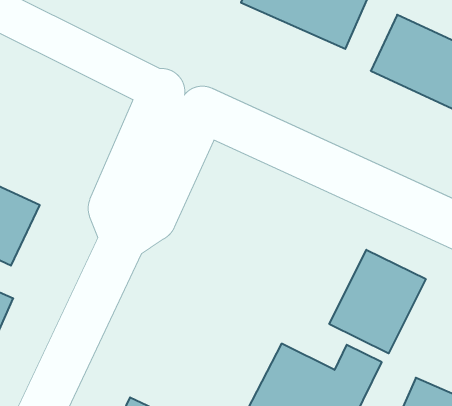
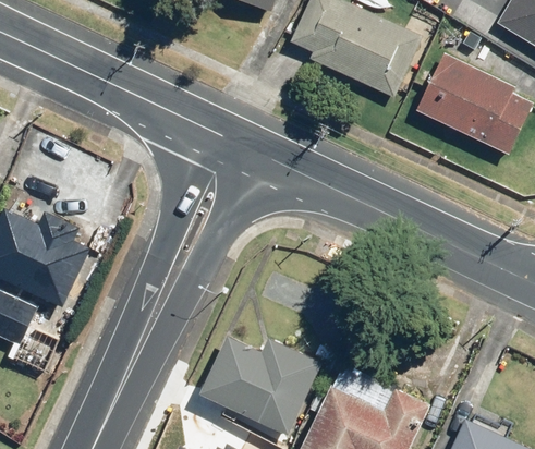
building: [329,250,426,353] -> none
building: none -> [199,333,324,434]

